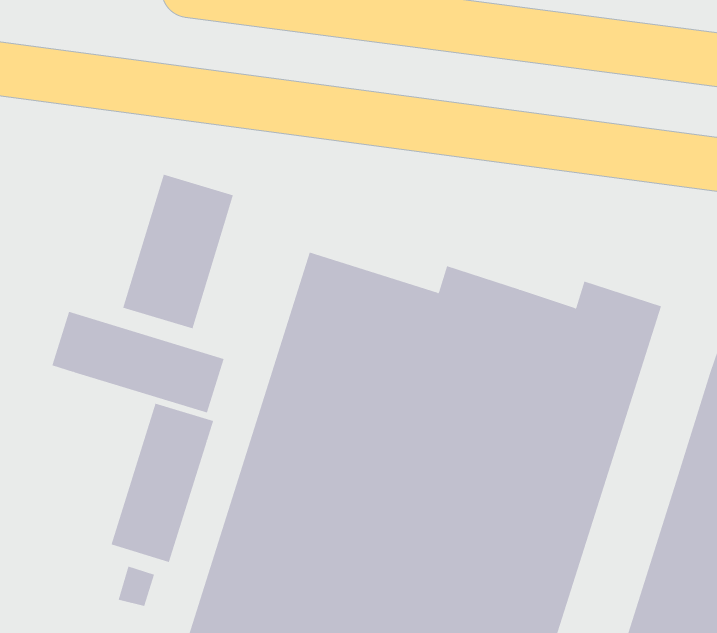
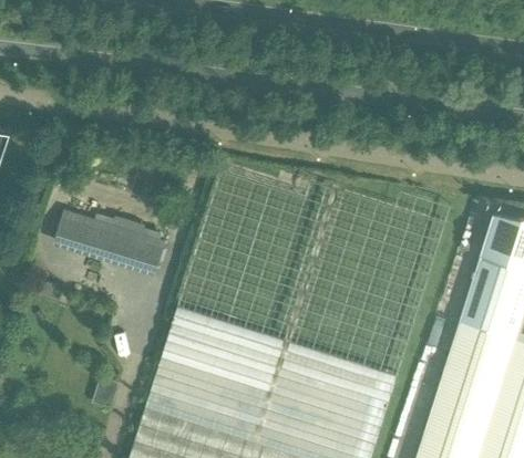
building: [123,174,234,329] -> none
building: [111,403,214,563] -> none

